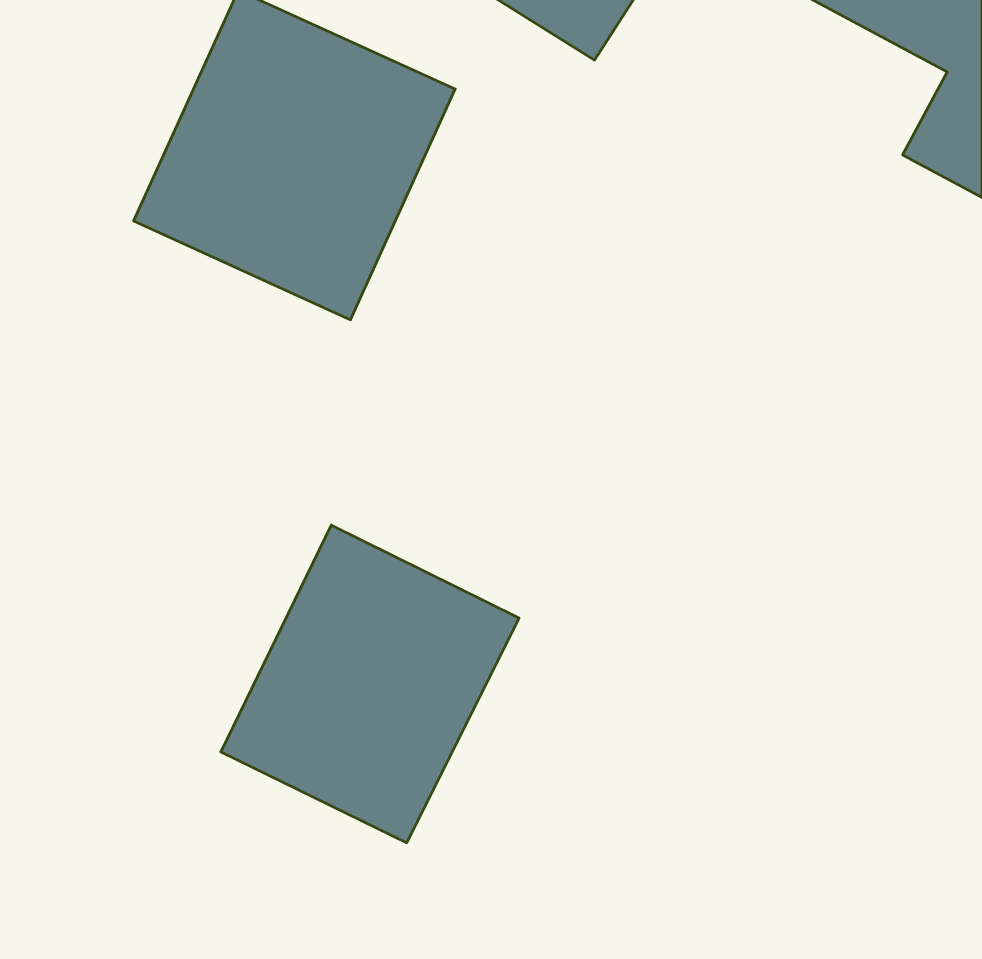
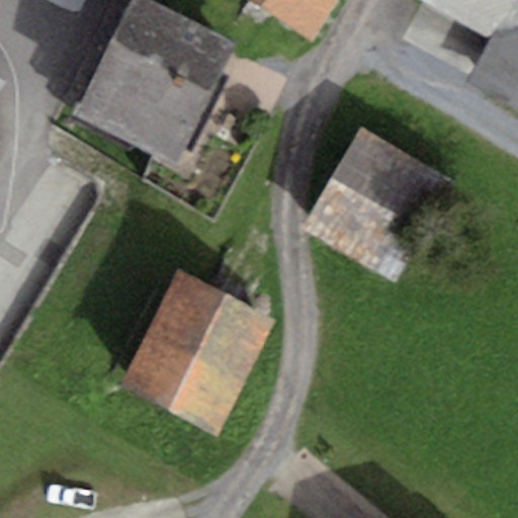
building: none -> [303,133,453,282]

